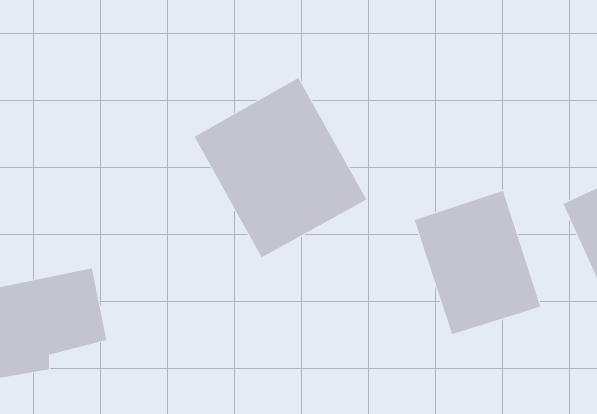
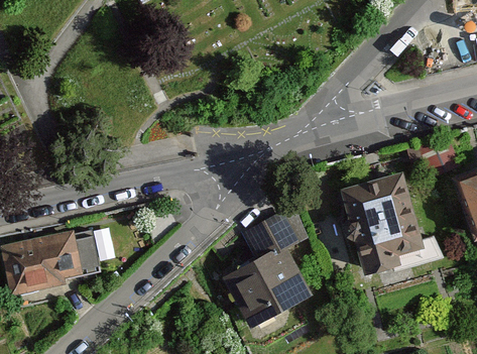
building: [194,77,367,258] -> none
building: none -> [221,210,309,328]

